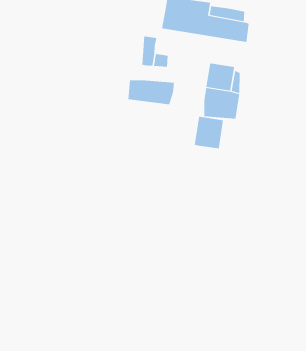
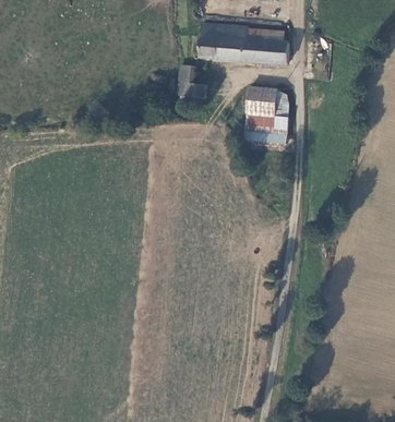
building: [128,80,174,105] -> none
building: [194,116,224,149] -> none

